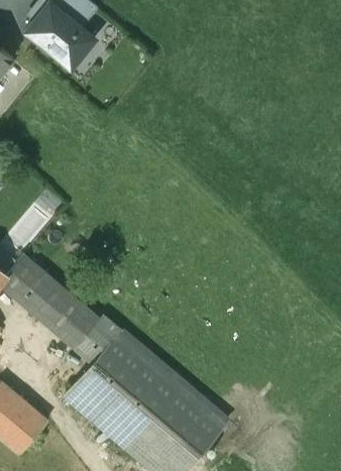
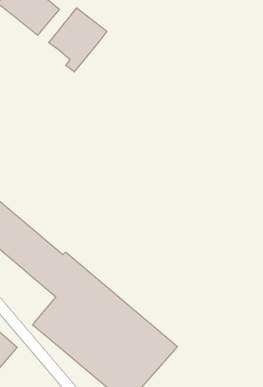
building: none -> [49,8,107,72]

